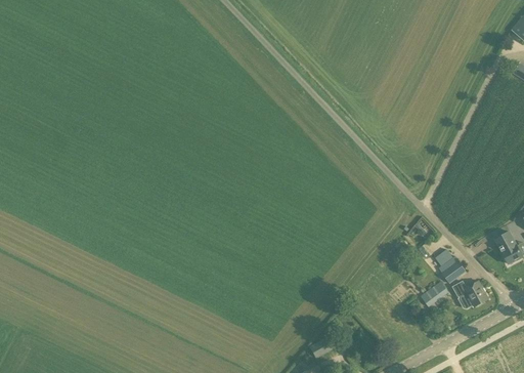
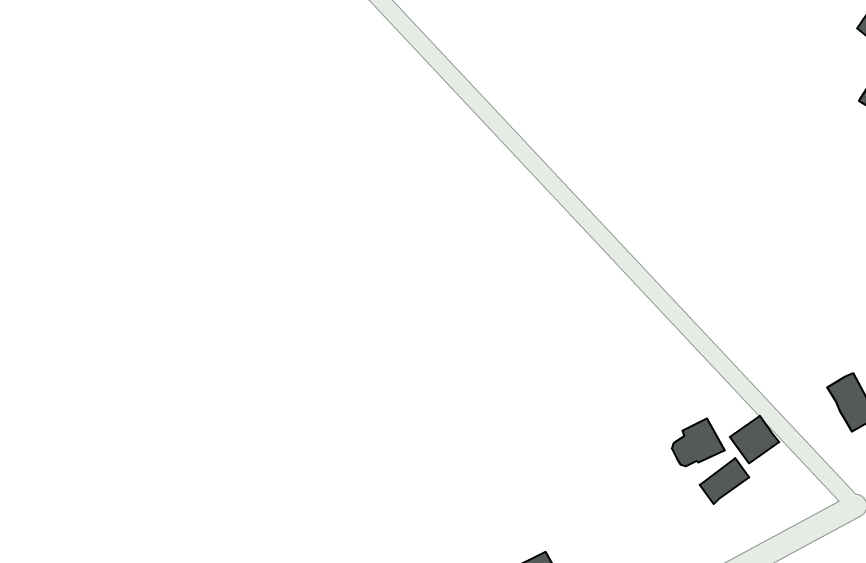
building: [457,281,488,308] -> [672,418,725,466]

